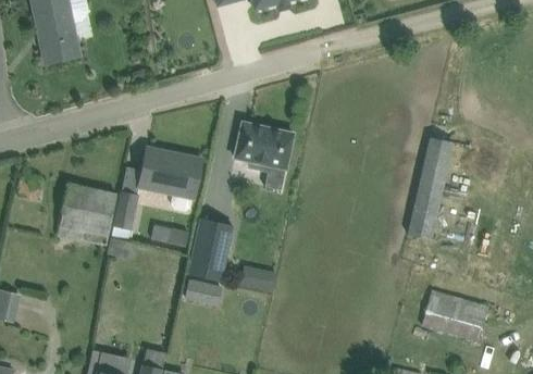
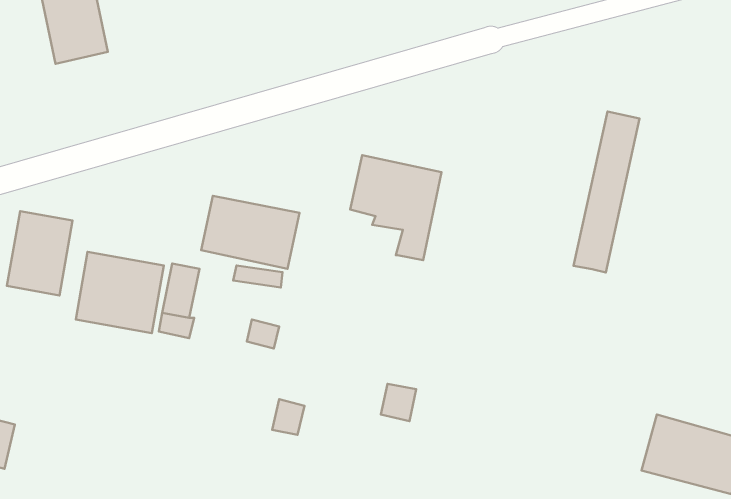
building: [409,137,451,240] -> [574,112,640,273]
building: none -> [7,211,73,295]
building: [188,217,233,280] -> none

